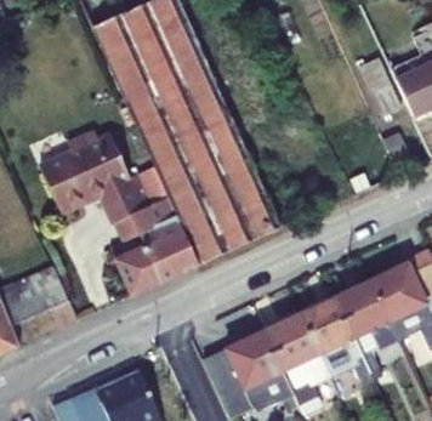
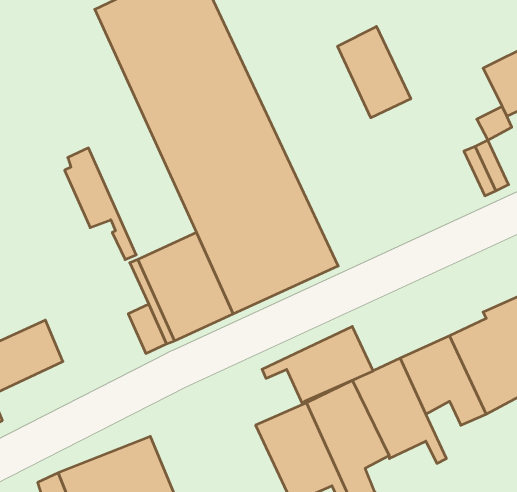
building: none -> [338,26,411,118]
building: [87,132,152,217] -> none
building: [42,153,89,212] -> none
building: none -> [262,326,373,404]

